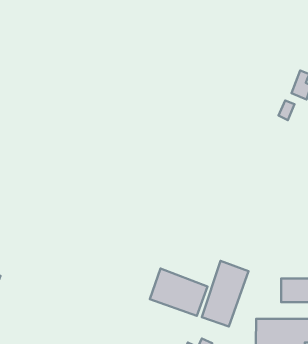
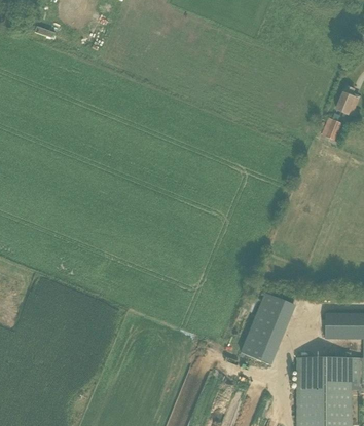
building: [150,268,208,316] -> none

